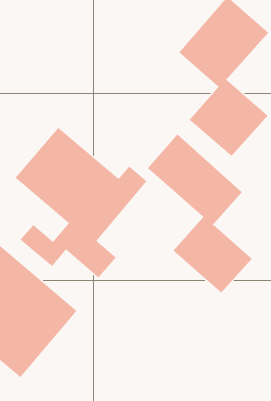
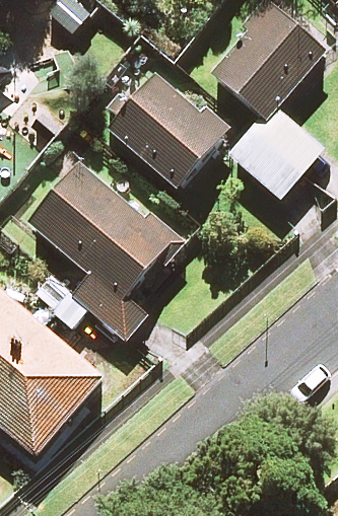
building: none -> [107,73,223,188]
building: [147,134,252,293] -> none

